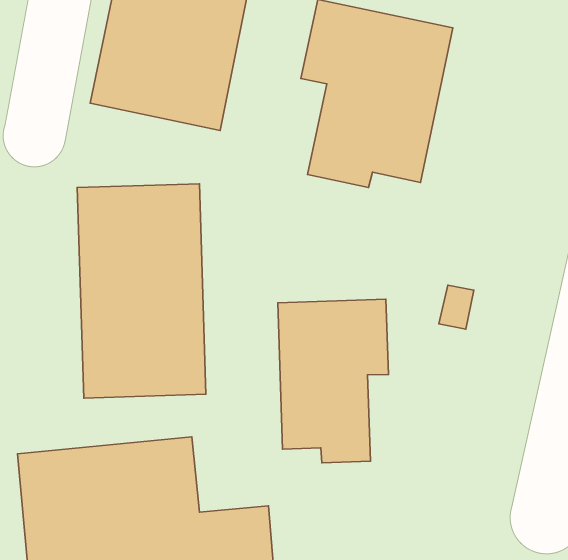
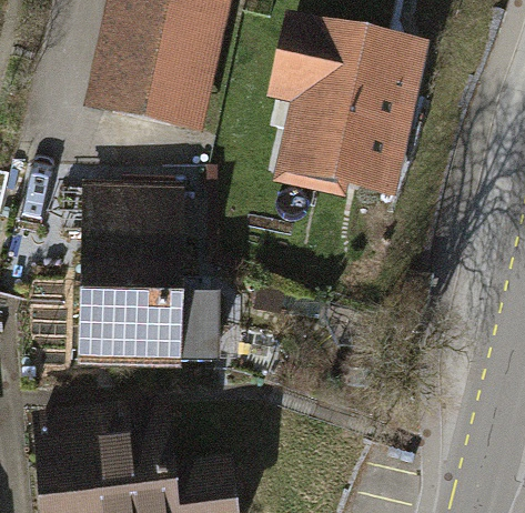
building: [278,299,388,463] -> none

